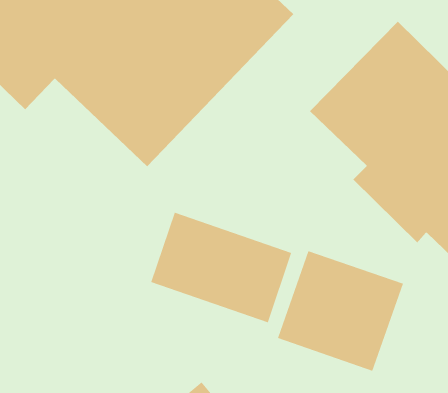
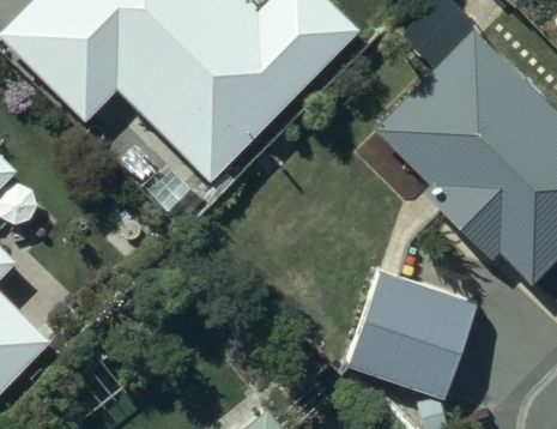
building: [151,212,292,323] -> none

